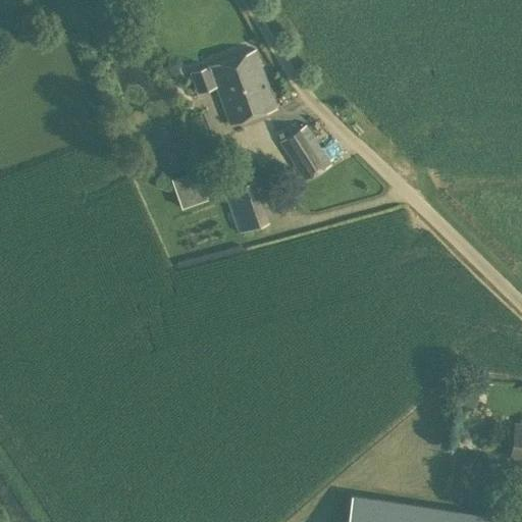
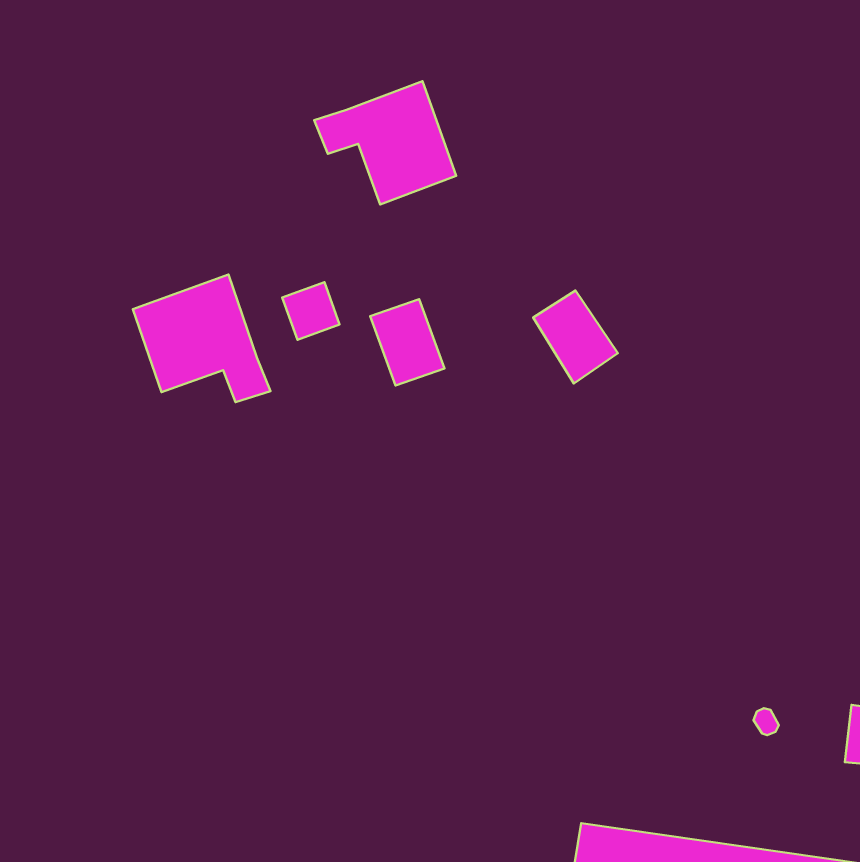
building: [281,125,332,181] -> [533,290,618,383]
building: none -> [133,274,271,402]

